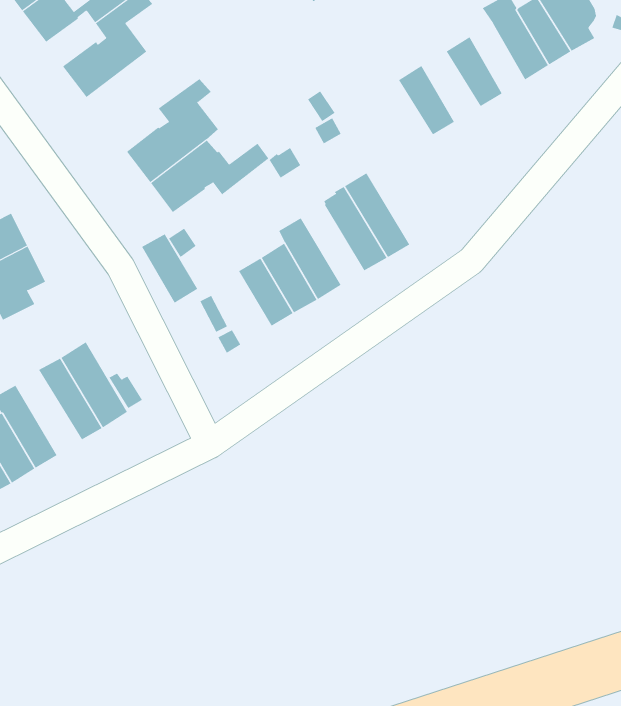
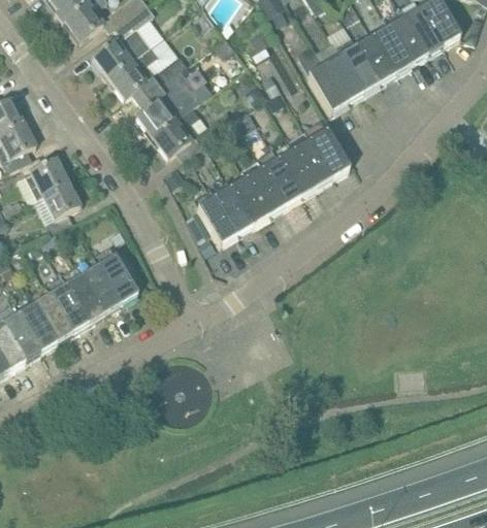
building: none -> [374,25,412,73]
building: none -> [335,34,381,93]
building: none -> [108,44,187,97]
building: none -> [307,64,348,112]
building: none -> [302,118,350,177]
building: none -> [257,150,300,205]
building: [141,233,198,304] -> [197,196,236,244]
building: none -> [60,264,105,323]

